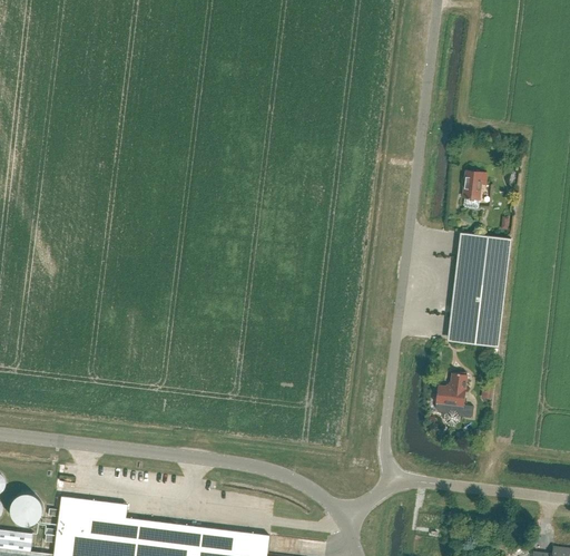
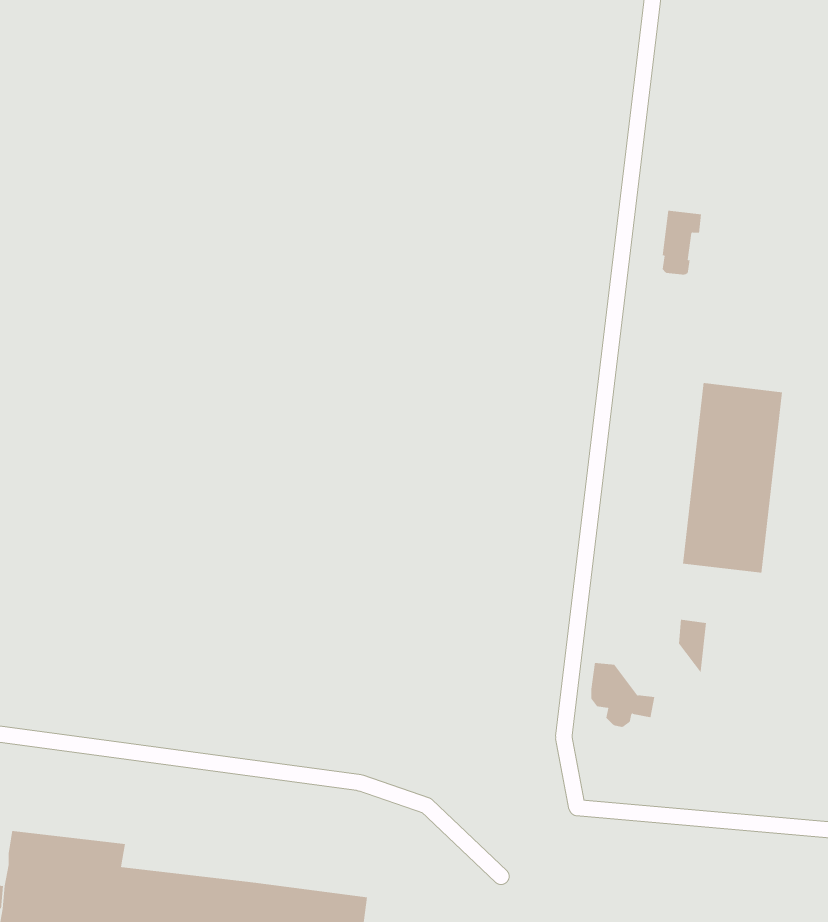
building: [462,170,485,208] -> [662,210,702,275]
building: [435,387,473,425] -> [590,663,655,727]

